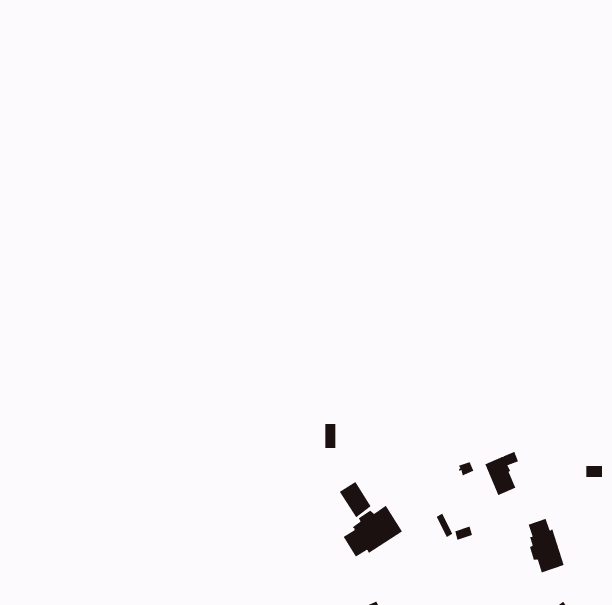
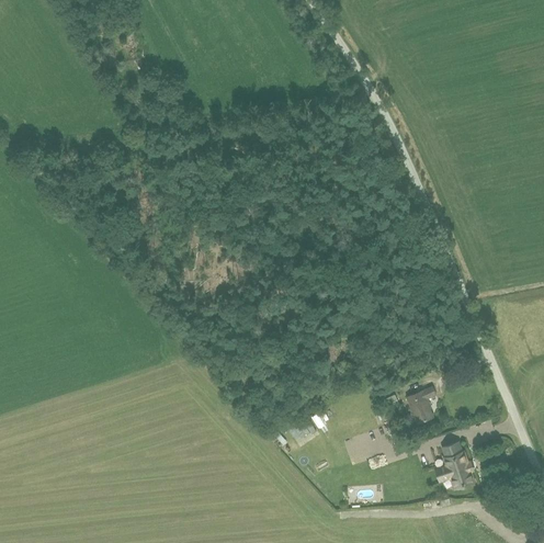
building: [343,505,403,558] -> none

